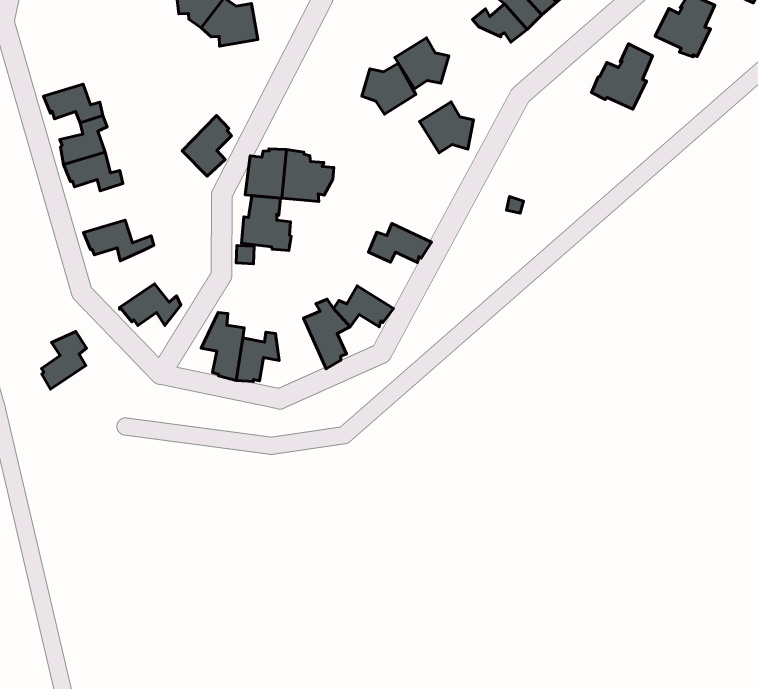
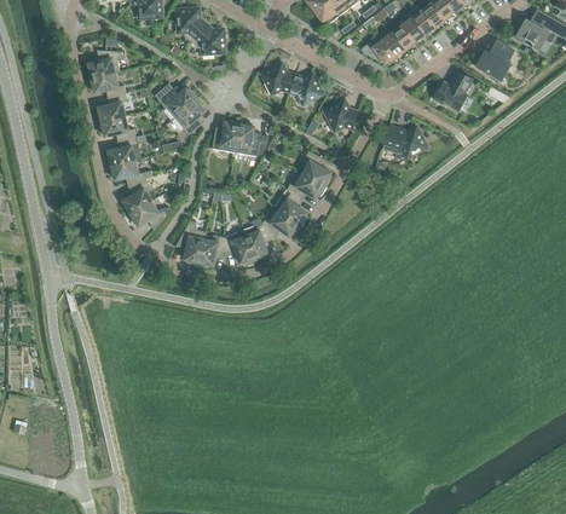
building: [395,38,449,89] -> [261,63,295,94]
building: none -> [87,51,123,79]
building: none -> [155,85,197,119]
building: none -> [382,126,427,158]
building: none -> [108,137,142,166]
building: none -> [302,150,331,186]
building: [241,196,291,251] -> none
building: none -> [275,190,307,226]
building: none -> [225,229,255,264]
building: [42,331,87,389] -> [123,179,152,214]

